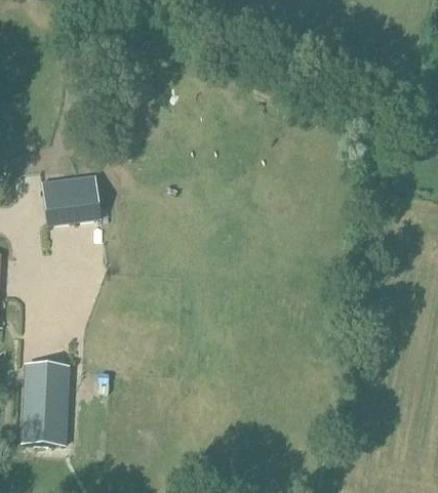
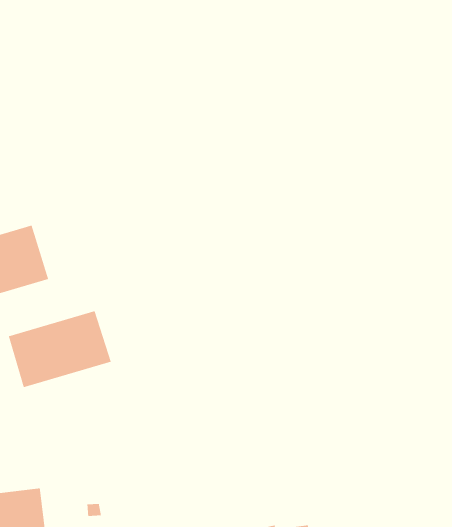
building: none -> [8,310,112,388]

